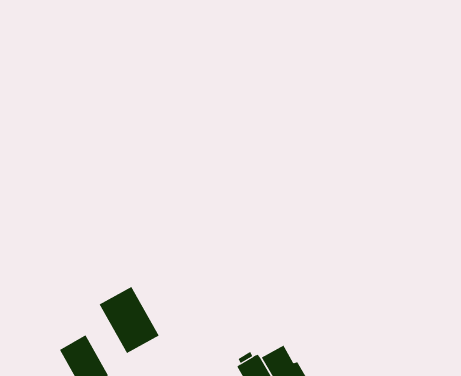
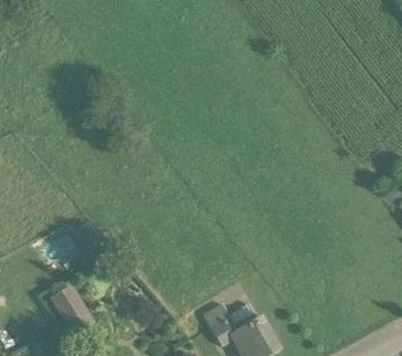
building: [99,286,159,354] -> none

